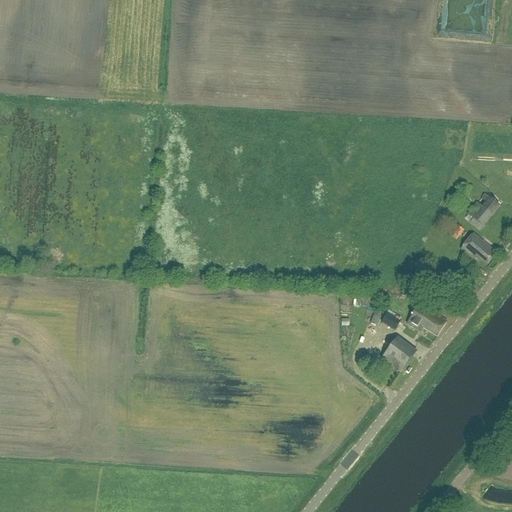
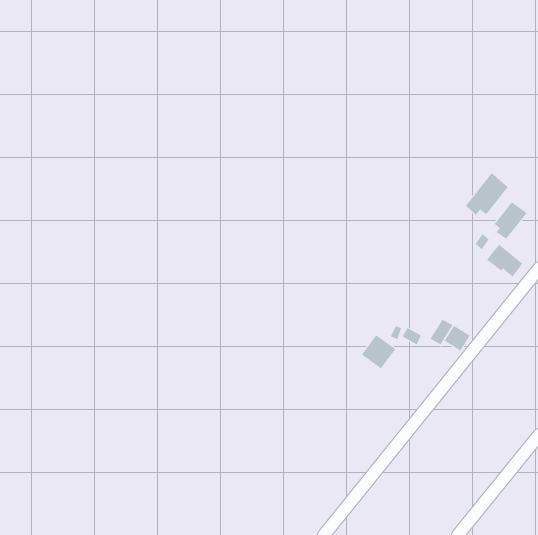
building: none -> [465,172,508,215]
building: [381,337,414,370] -> [361,334,396,369]

